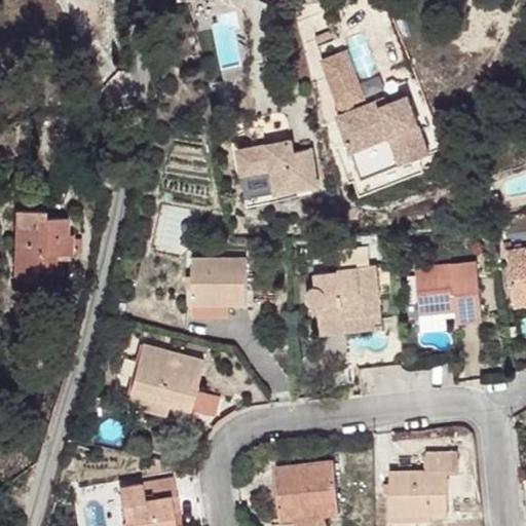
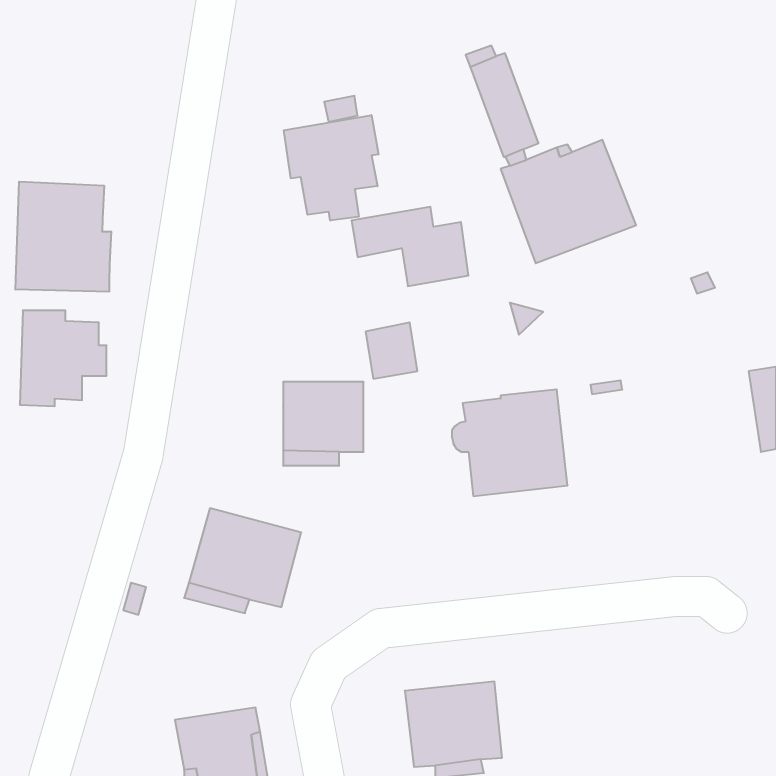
building: none -> [284,115,379,221]
building: none -> [16,182,111,292]
building: [241,168,276,206] -> [366,322,417,379]
building: [413,263,482,323] -> none
building: [388,453,457,515] -> none

